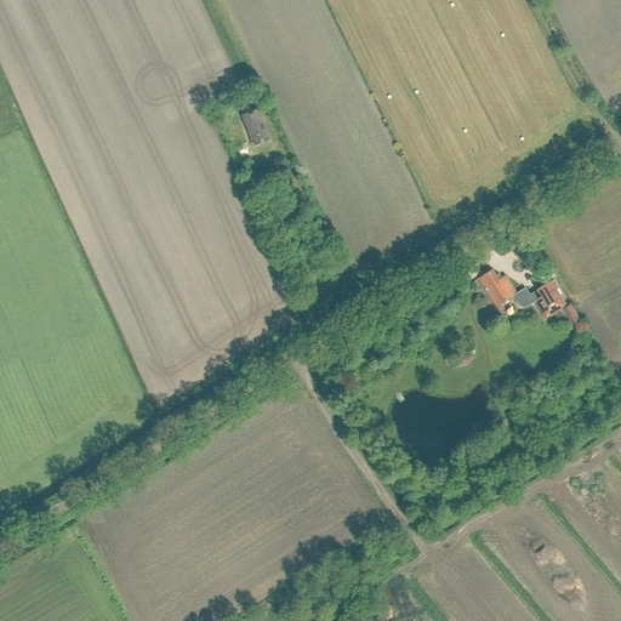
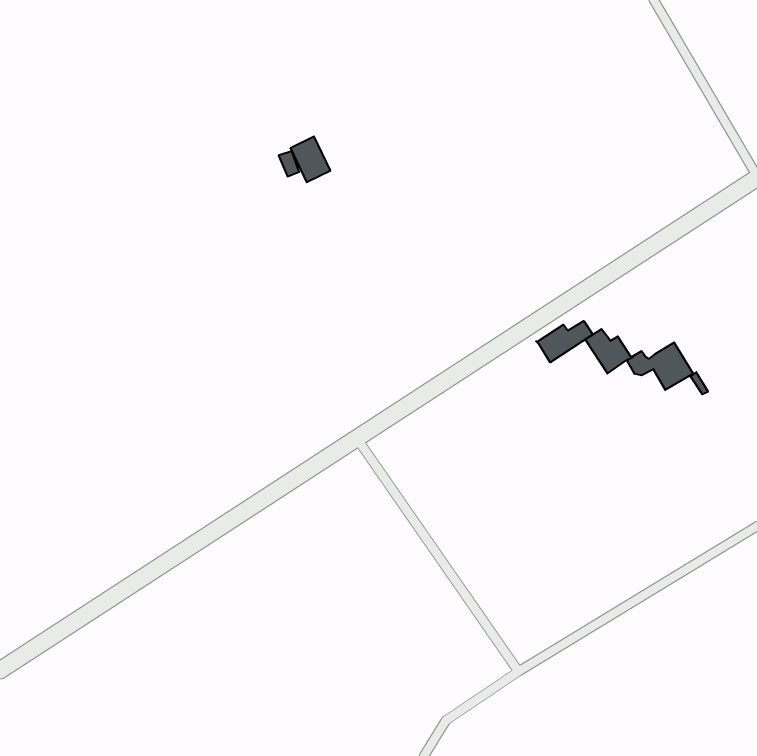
building: none -> [536,321,593,362]

